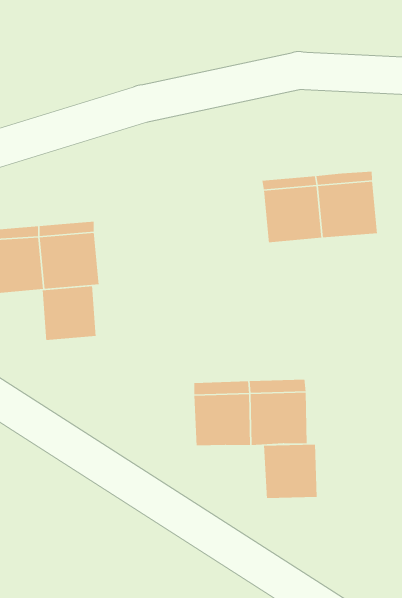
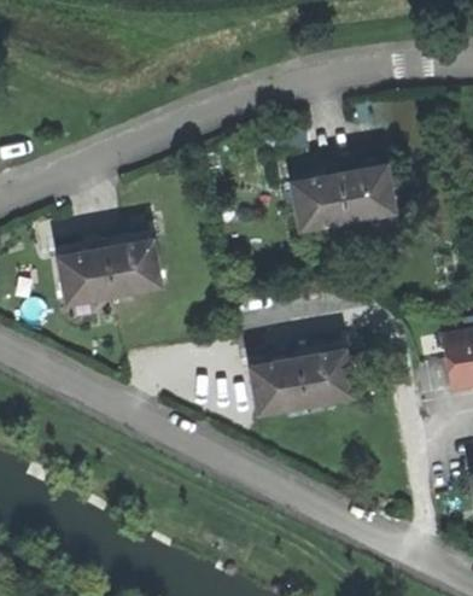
building: [42,286,97,341] -> none
building: [263,444,318,499] -> none

